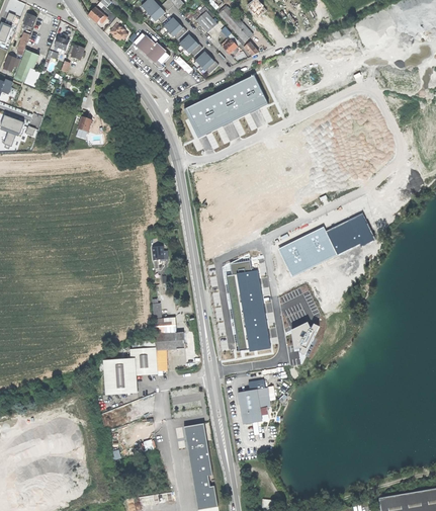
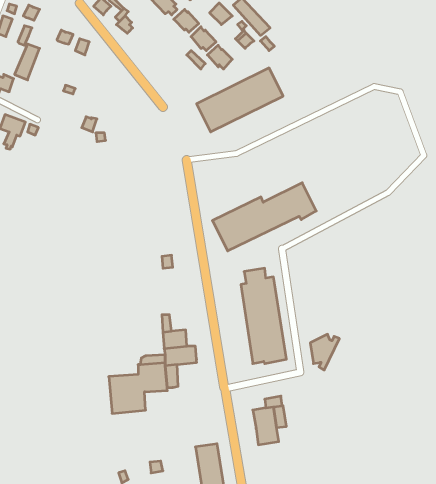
building: [134,33,171,72] -> none
building: [278,214,375,277] -> [212,183,316,251]

